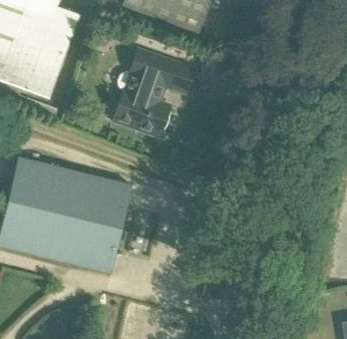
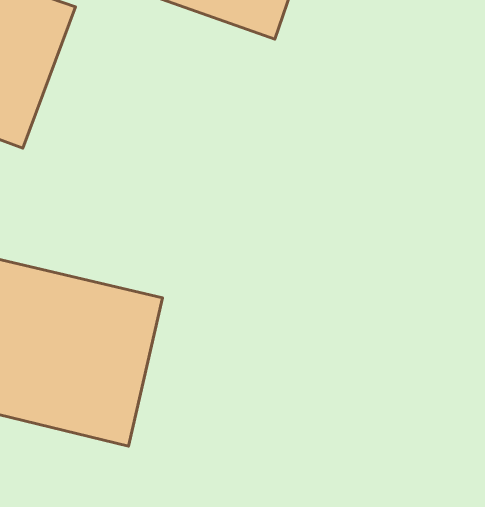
building: [112,48,194,136] -> none

